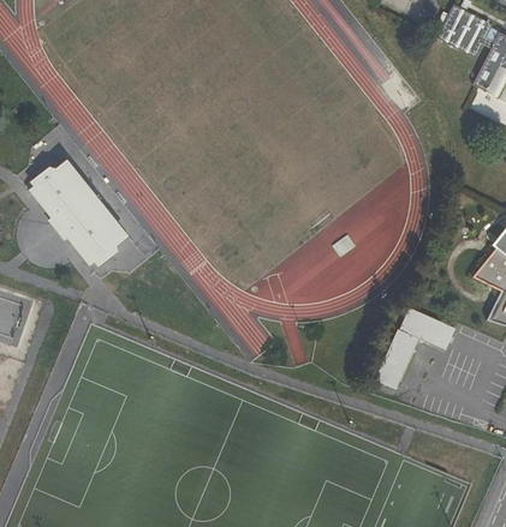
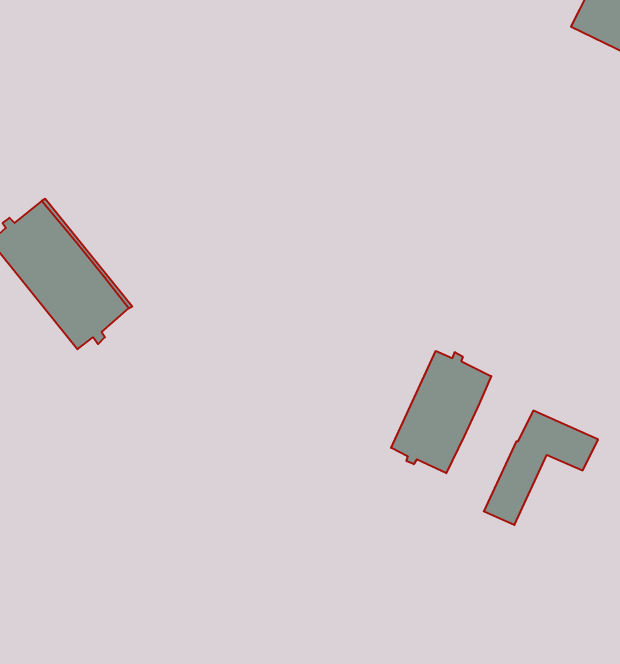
building: none -> [391,351,491,473]

